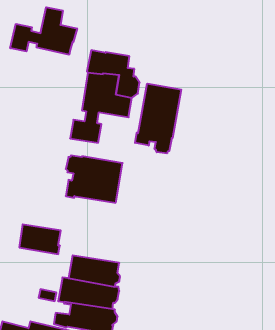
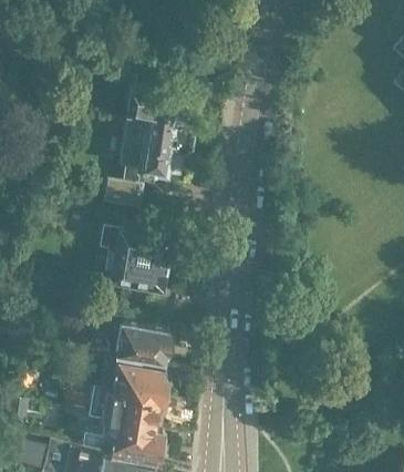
building: [10,7,77,55] -> none
building: [135,84,181,153] -> none
building: [19,224,61,254] -> [116,321,170,360]

